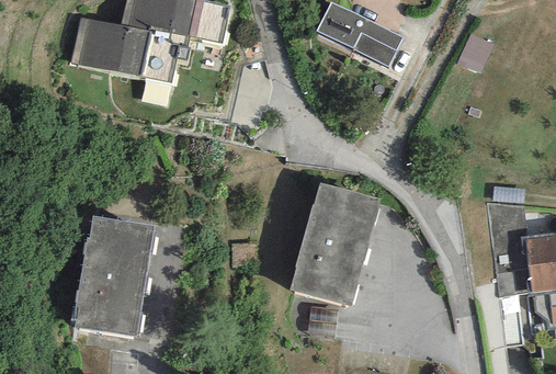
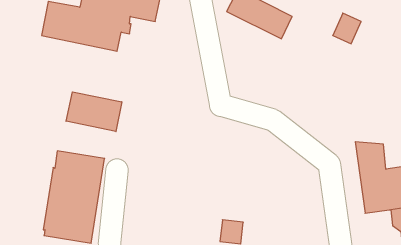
building: none -> [66,92,122,132]
building: [291,182,379,306] -> none

